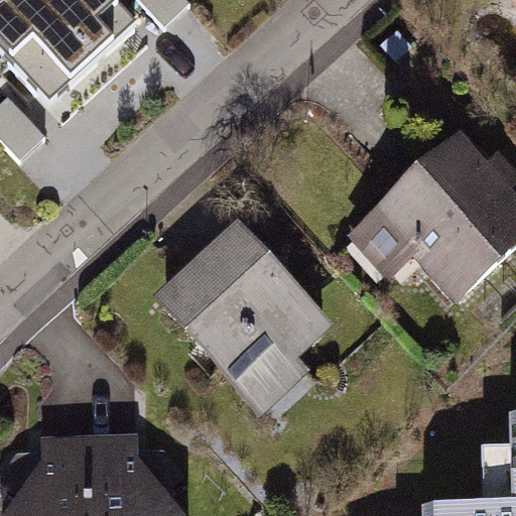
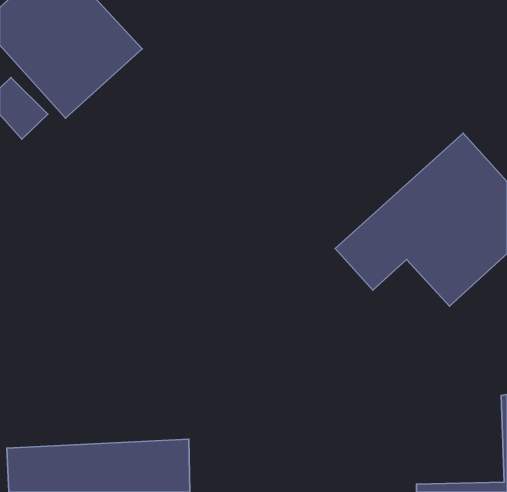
building: [156,239,332,412] -> none

